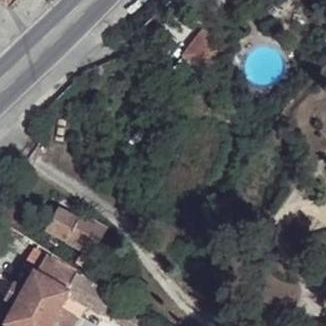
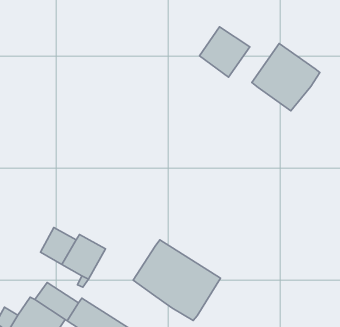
building: none -> [252,44,320,111]
building: none -> [133,240,221,321]

